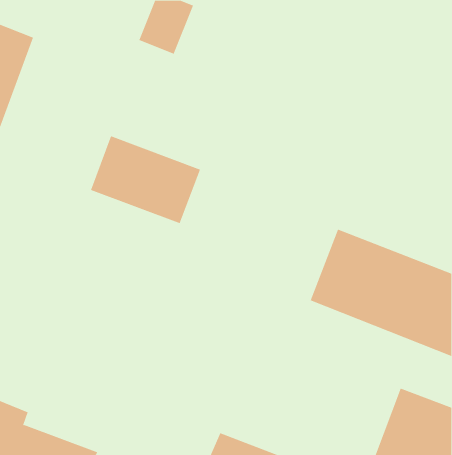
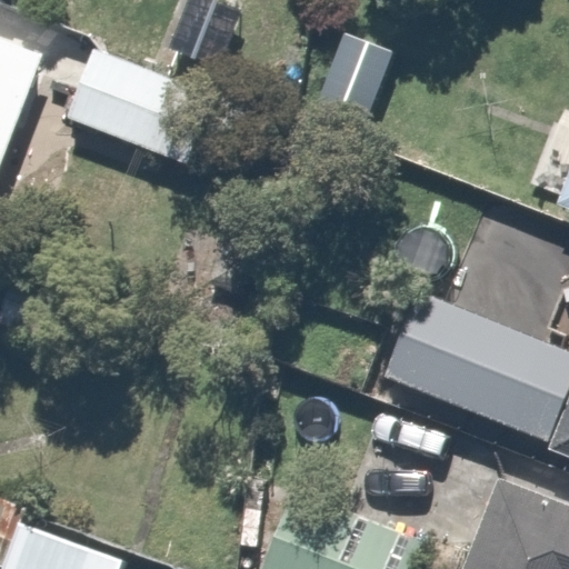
building: [90,135,201,224] -> [68,51,206,161]

